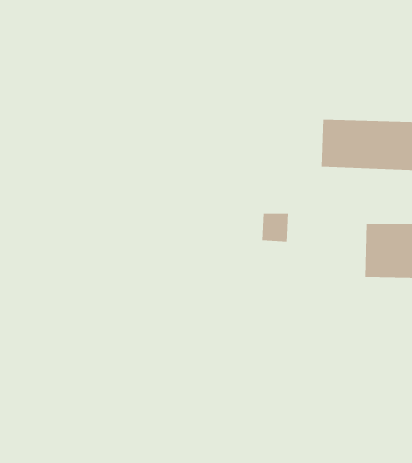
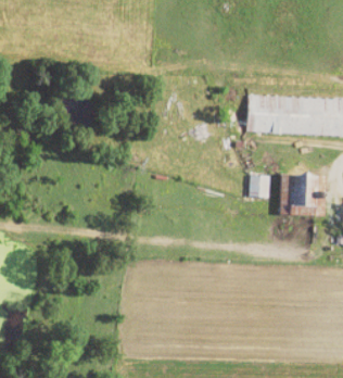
building: [261,213,289,242] -> [250,175,270,197]

